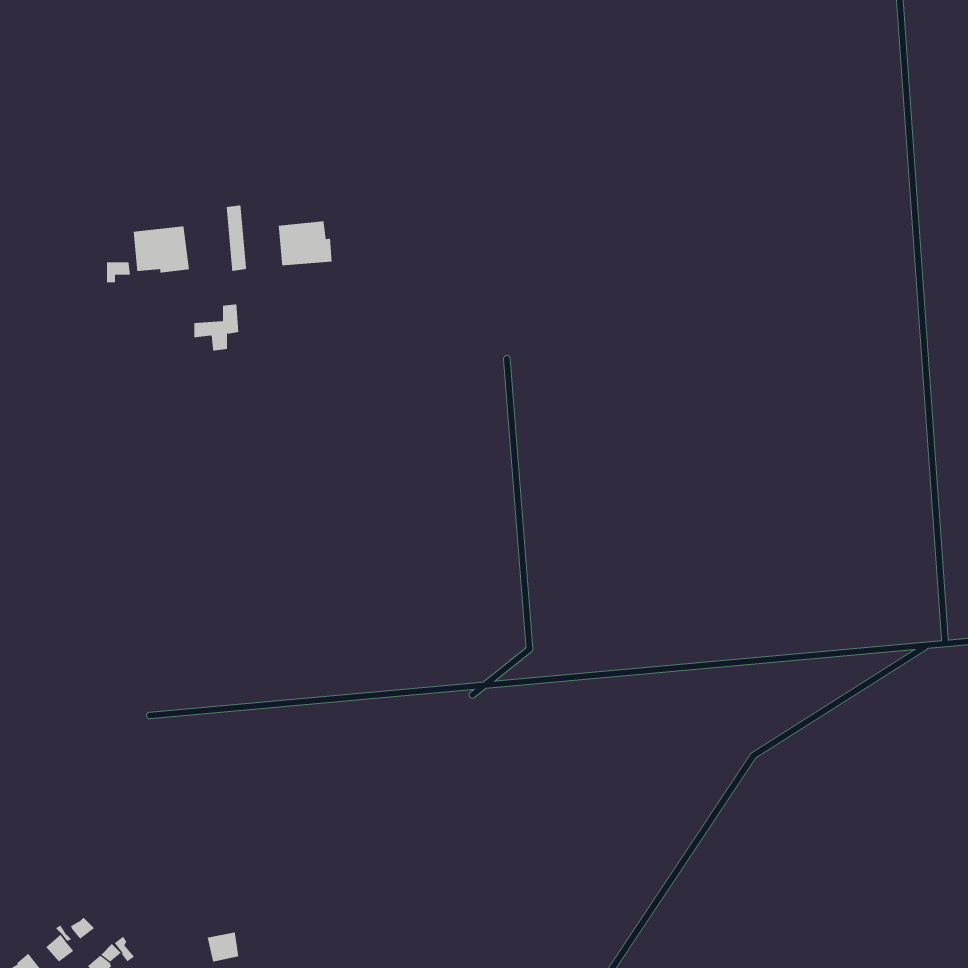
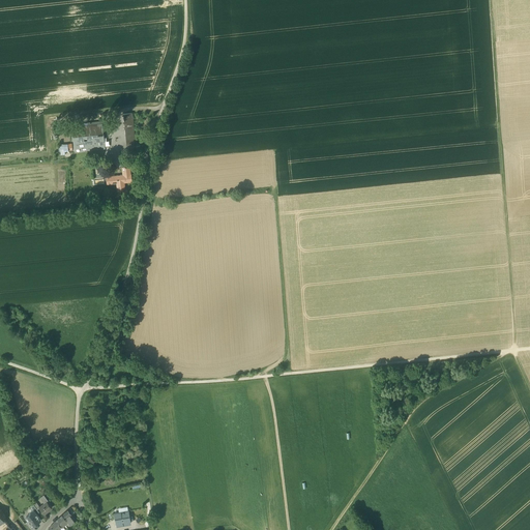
building: [278,221,332,266] -> none

